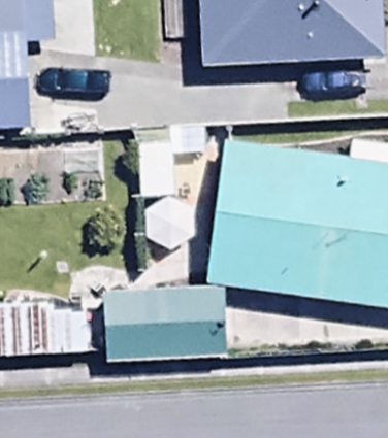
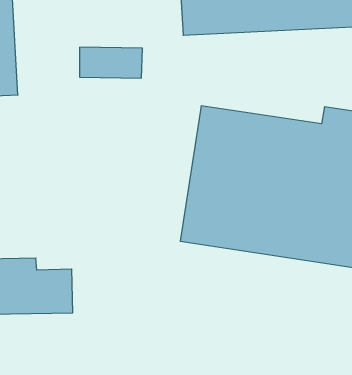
building: [100,288,222,358] -> none

